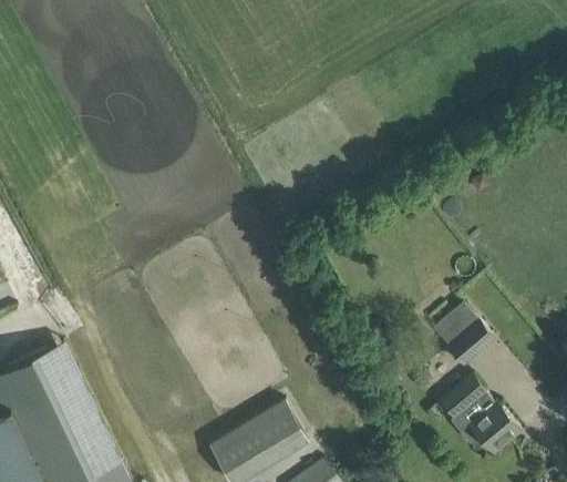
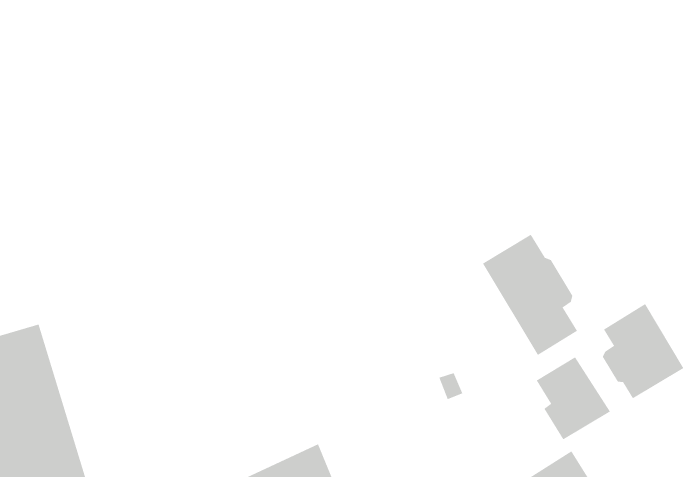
building: none -> [482,234,578,356]
building: none -> [602,303,684,399]

